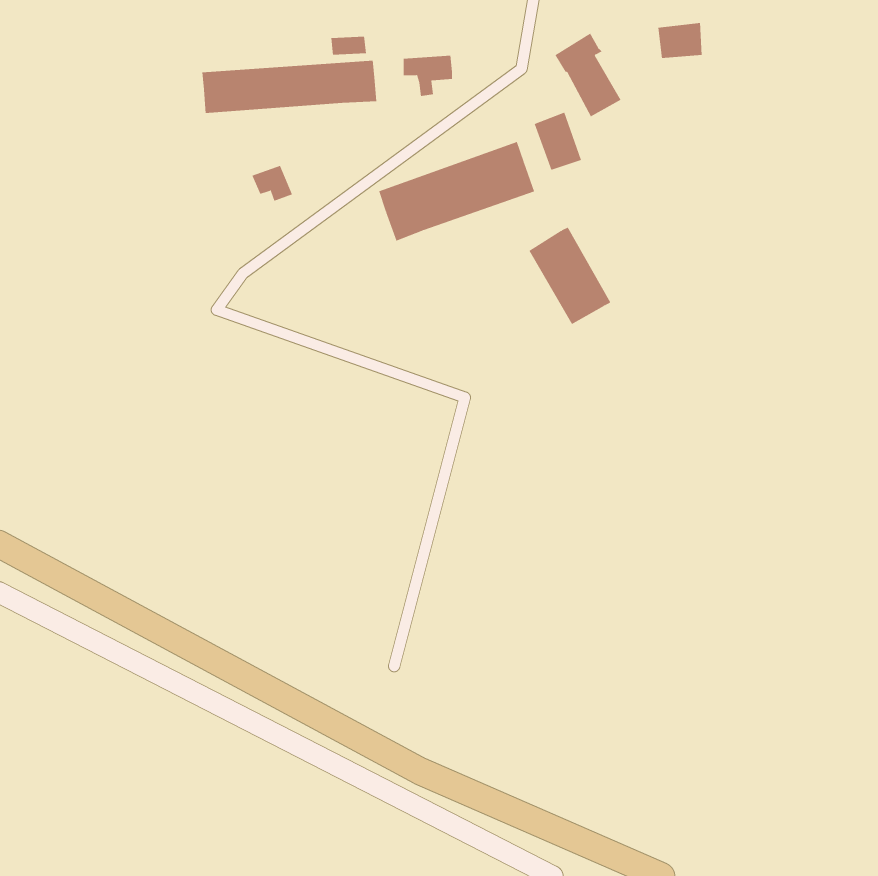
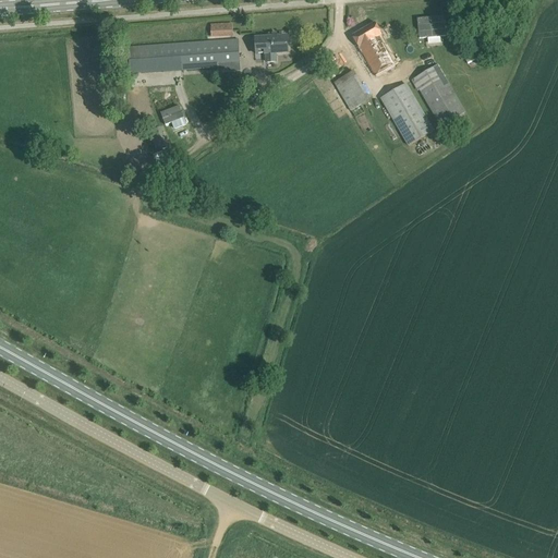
building: none -> [412,63,464,125]
building: [378,141,535,241] -> none
building: [529,227,611,325] -> [380,82,433,144]

